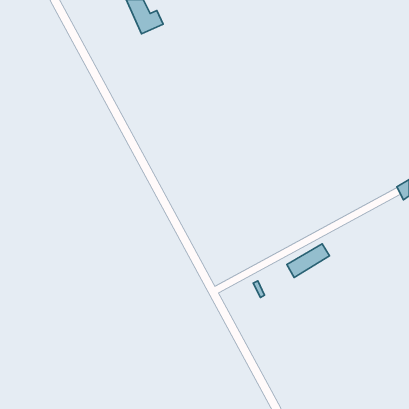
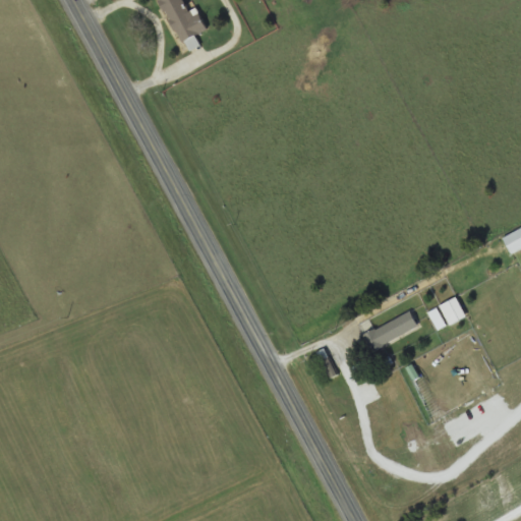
building: none -> [439,296,465,325]

